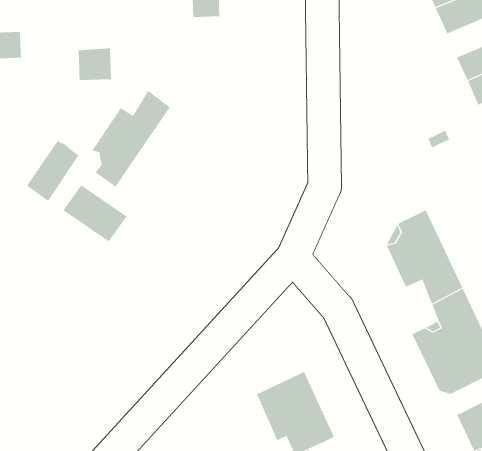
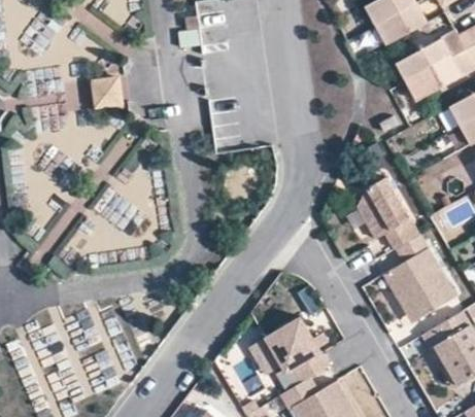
building: [91,90,170,188] -> none
building: [26,140,79,202] -> none

